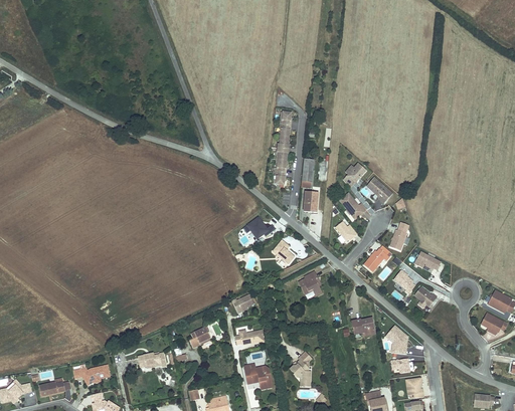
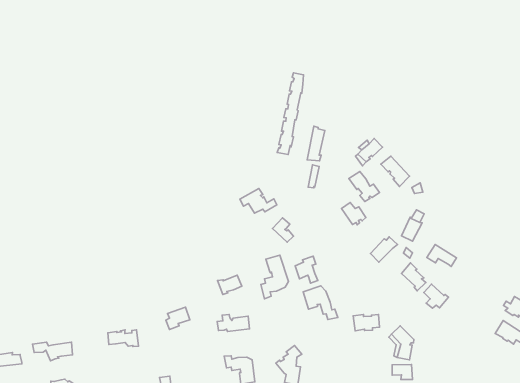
building: none -> [261,255,289,299]
building: none -> [303,286,338,320]

